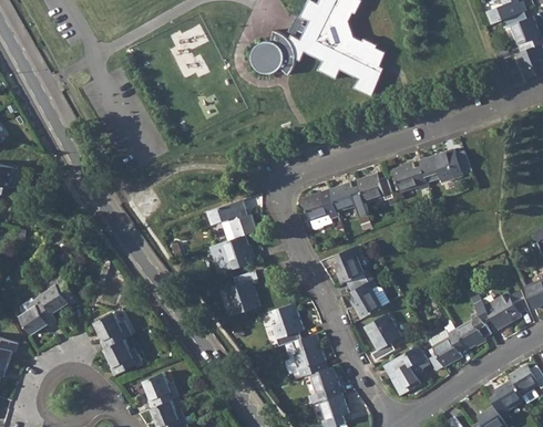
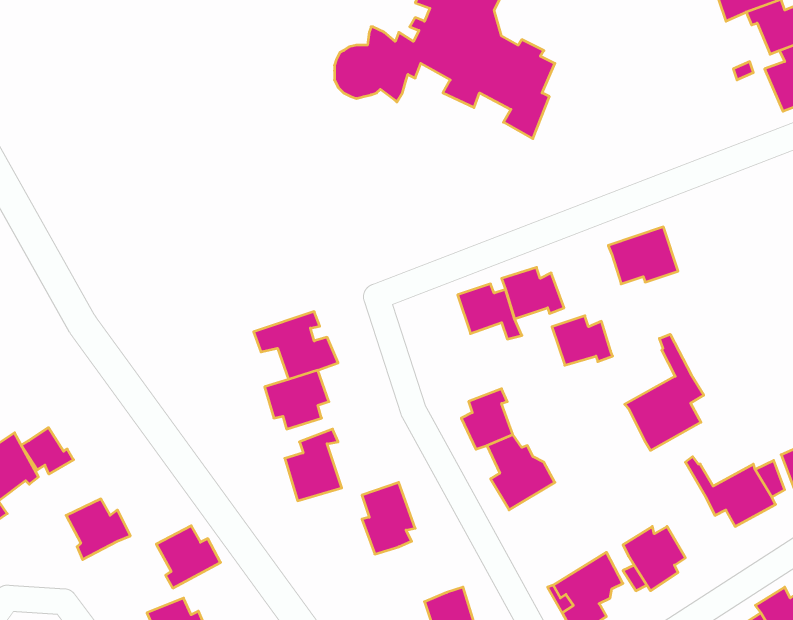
building: [392,163,429,192] -> [552,316,613,365]
building: [300,190,338,229] -> none
building: none -> [625,334,704,450]
building: none -> [21,428,74,474]
building: [455,312,490,351] -> none
building: [363,314,400,361] -> none
building: [293,334,325,377] -> none
building: [103,339,142,376] -> [156,526,221,588]

